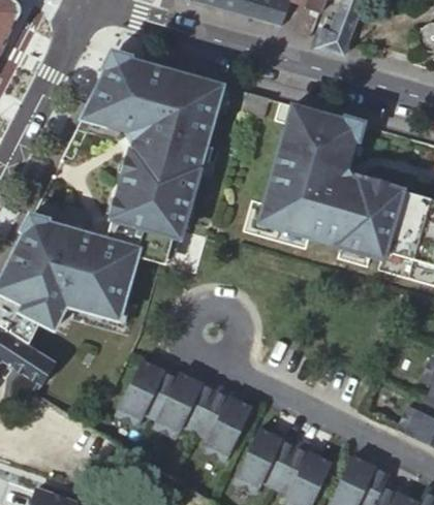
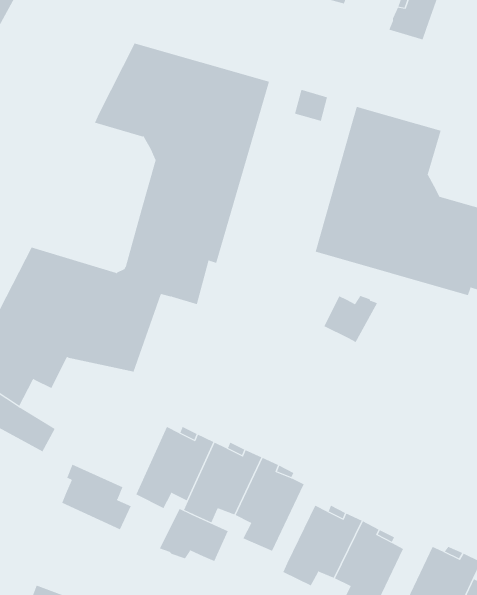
building: none -> [323,295,378,343]
building: none -> [62,464,131,530]
building: none -> [159,508,228,562]

